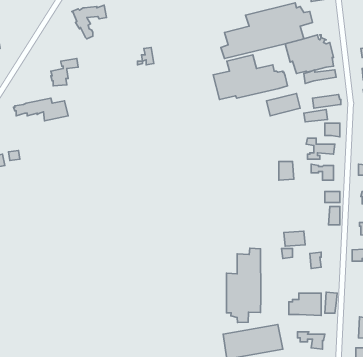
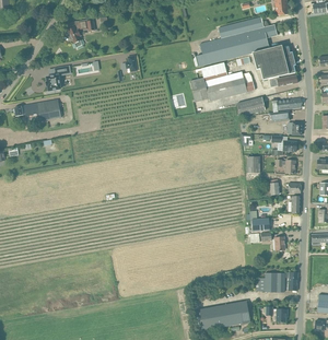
building: [227,248,261,322] -> none

